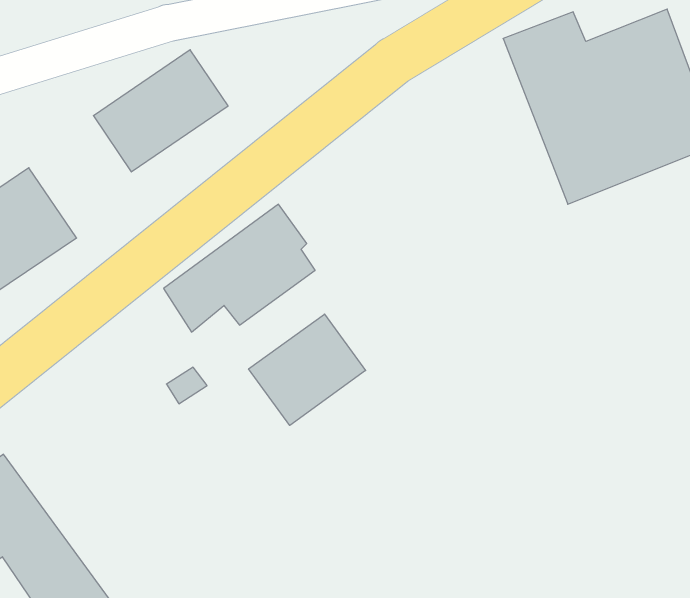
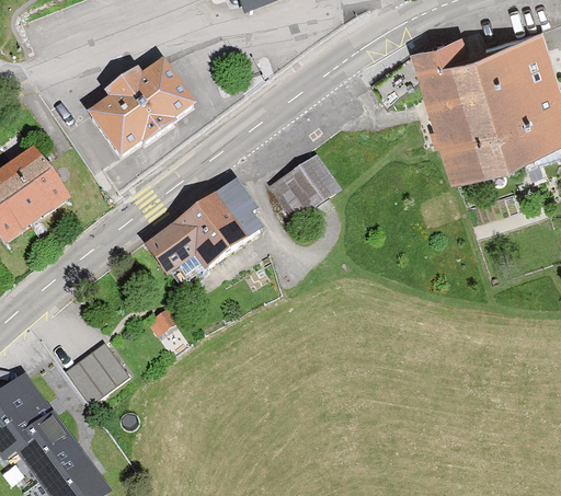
building: none -> [268,152,337,218]
building: [249,314,366,425] -> none
building: none -> [65,337,128,399]

